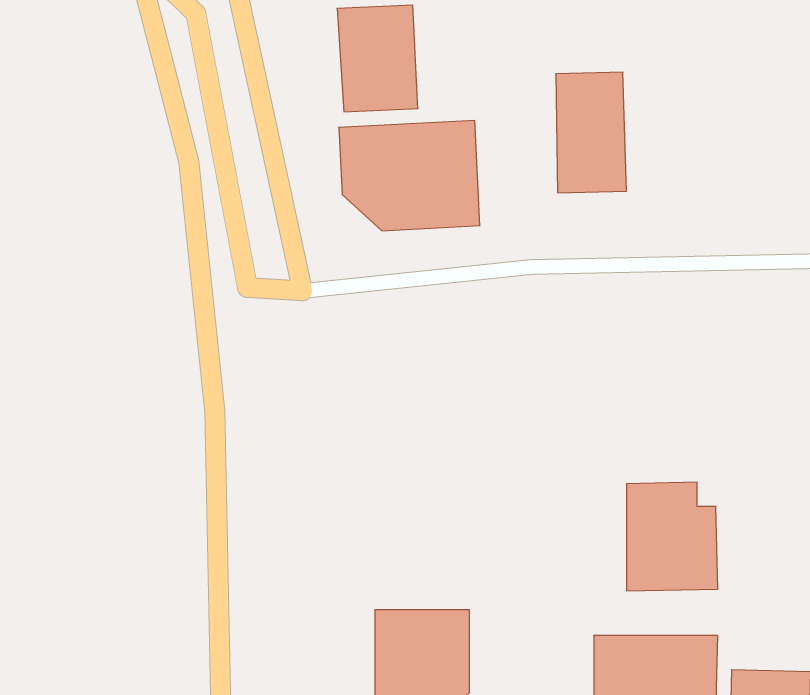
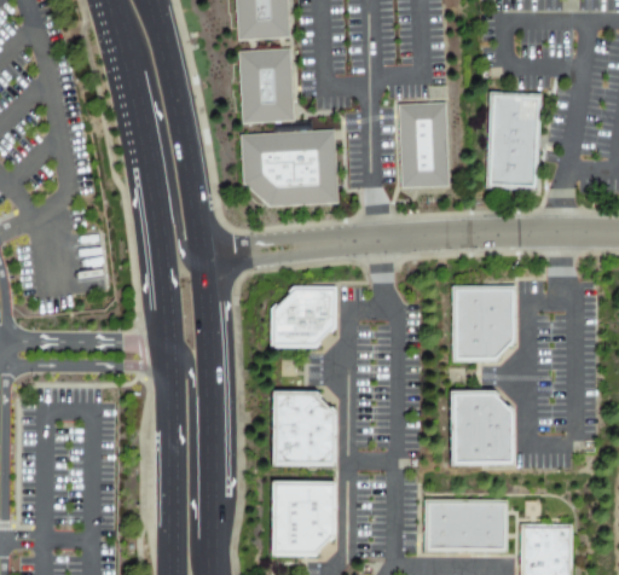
building: none -> [487,93,540,187]
building: none -> [272,285,337,348]
building: none -> [447,285,513,361]
building: none -> [271,389,336,465]

